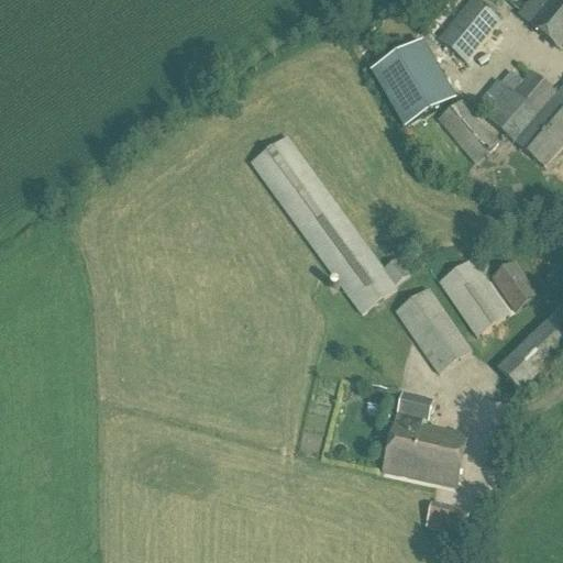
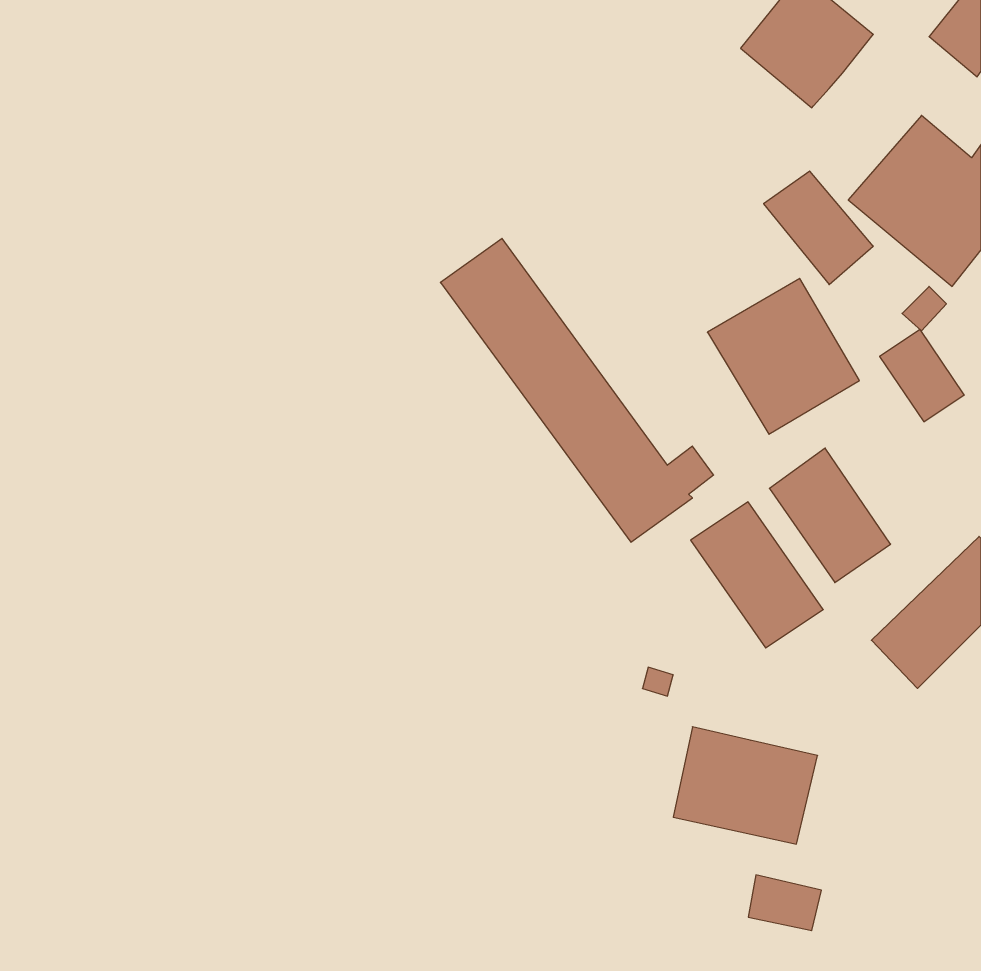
building: [367,41,454,130] -> [707,278,859,434]
building: [487,255,536,308] -> [880,329,964,422]
building: [396,390,433,423] -> none

